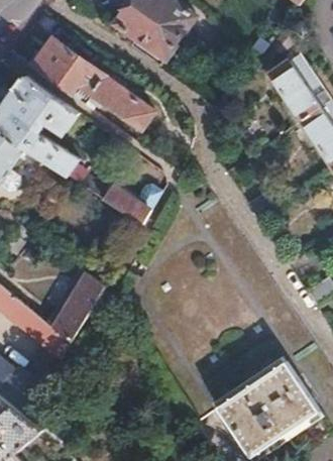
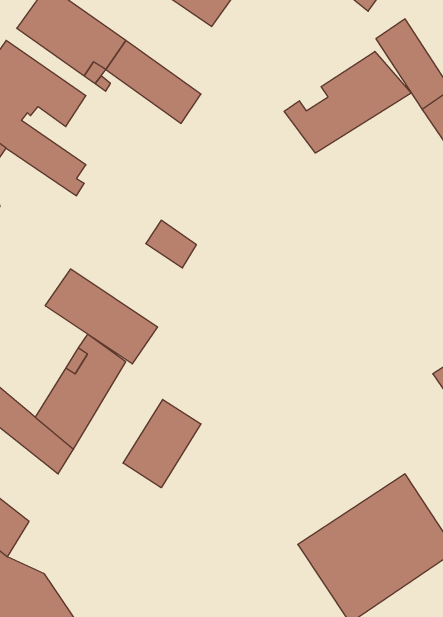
building: none -> [284,51,411,153]
building: none -> [45,269,158,364]
building: none -> [123,399,201,488]

